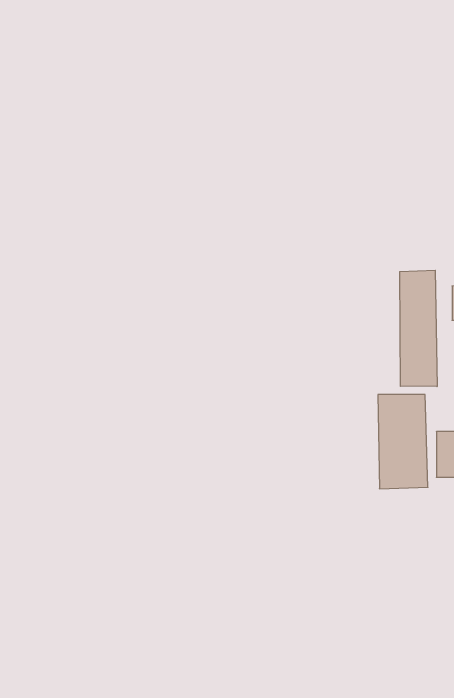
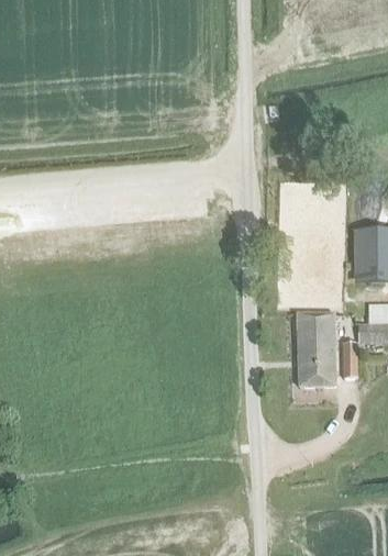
building: [400,270,437,387] -> none

